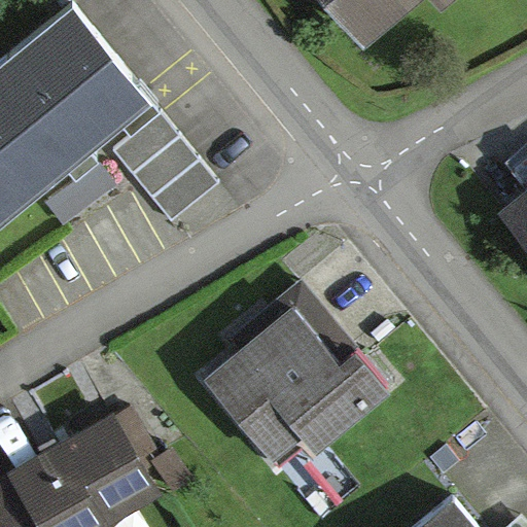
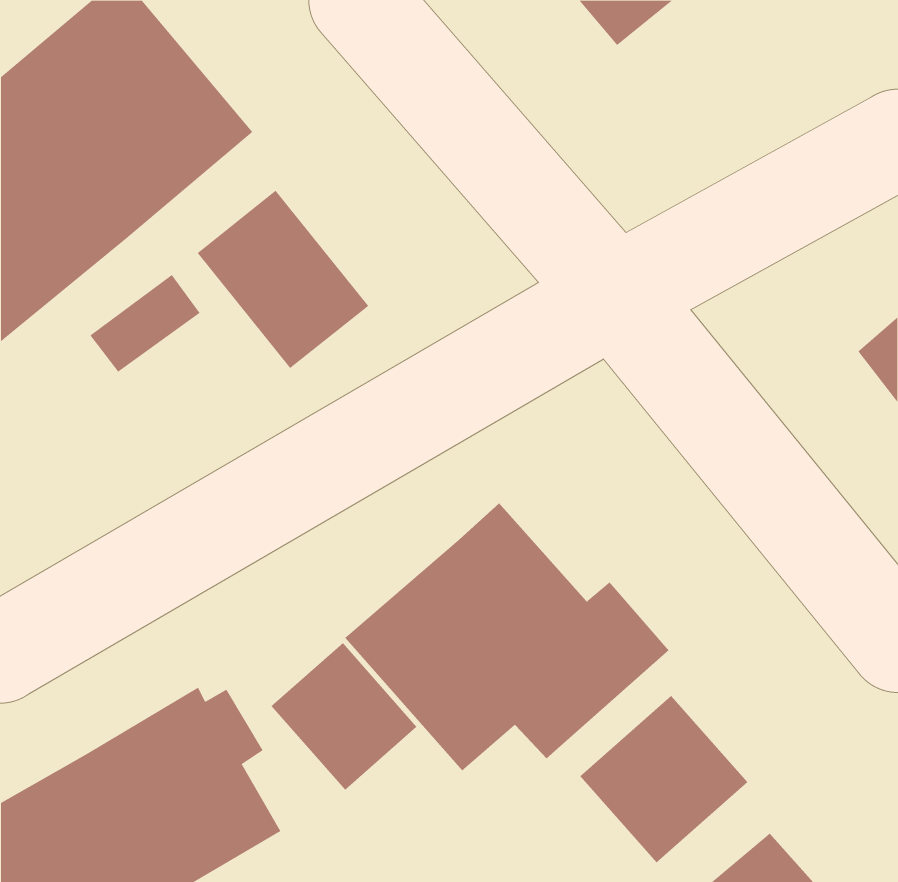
building: none -> [271,642,417,791]
building: none -> [580,695,748,863]

